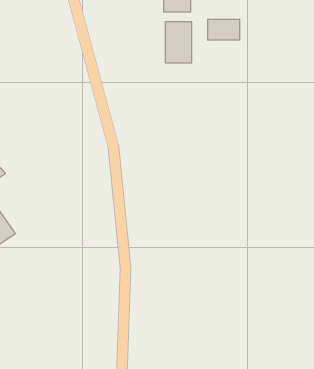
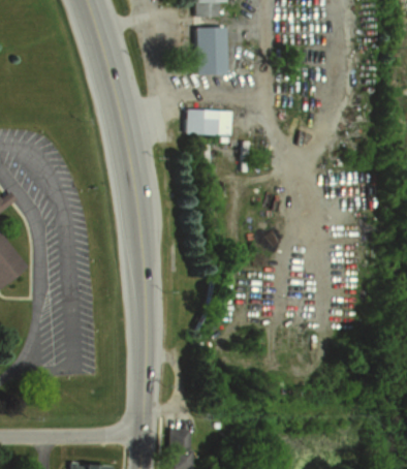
building: [208,19,239,40] -> none
building: none -> [186,108,231,134]

